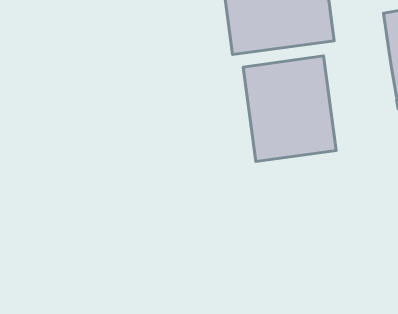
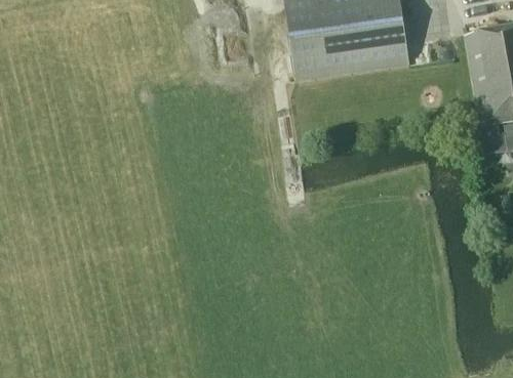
building: [243,56,336,161] -> none

